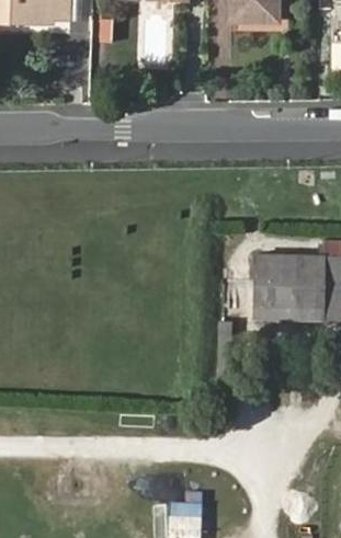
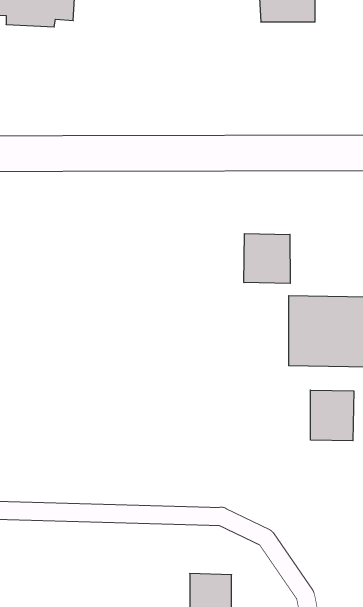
building: none -> [244,234,290,283]
building: none -> [310,390,354,441]

